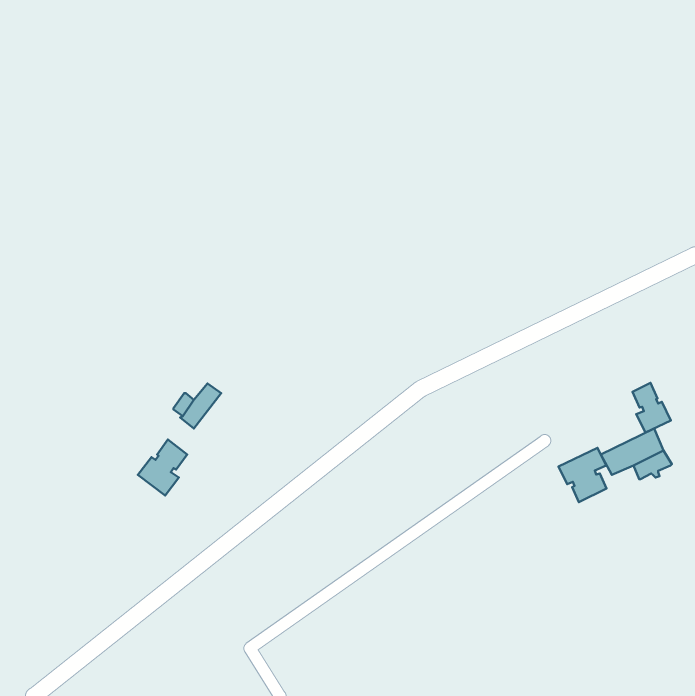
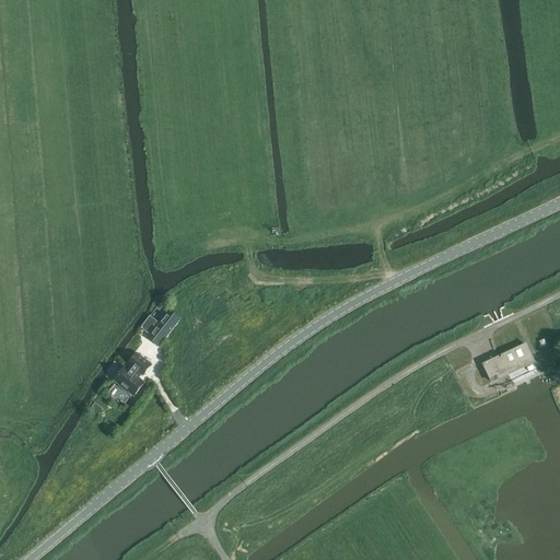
building: [632,383,671,433] -> none
building: [558,448,607,502] -> none

